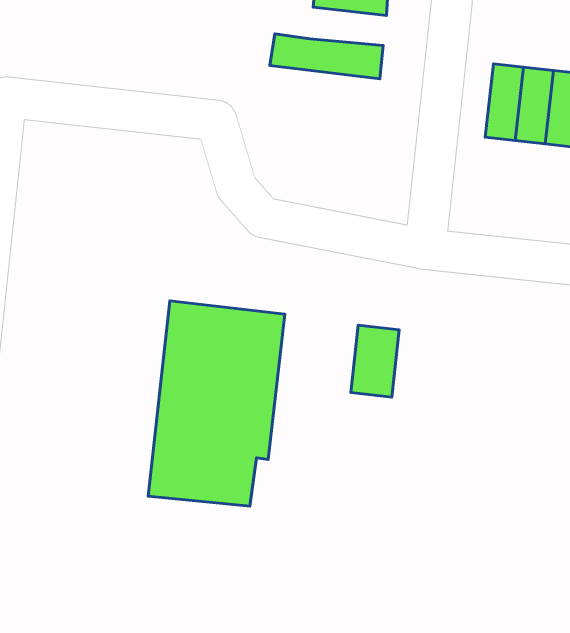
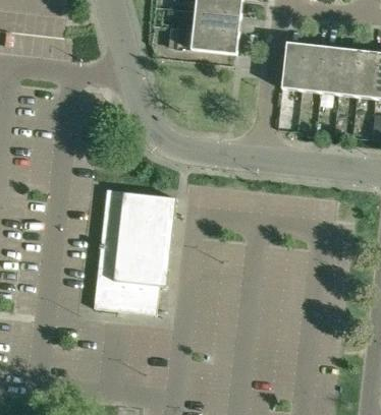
building: none -> [194,9,240,33]
building: none -> [282,42,306,88]
building: [351,325,399,397] -> none

